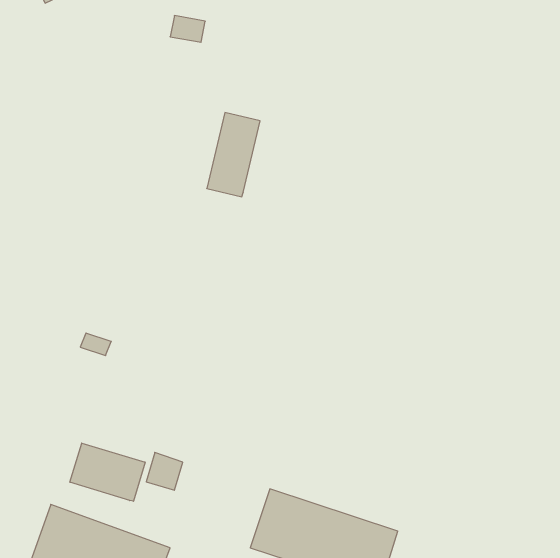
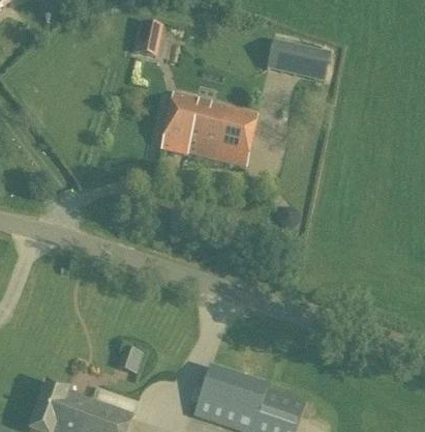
building: none -> [265,38,329,80]
building: none -> [188,98,260,166]
building: [70,443,145,501] -> none

